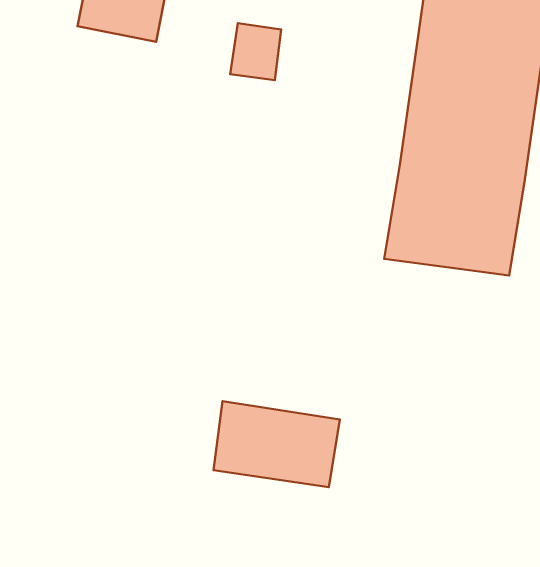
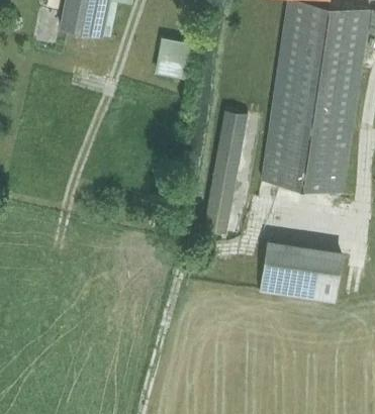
building: none -> [203,110,248,233]
building: [213,401,340,487] -> [261,246,344,303]

